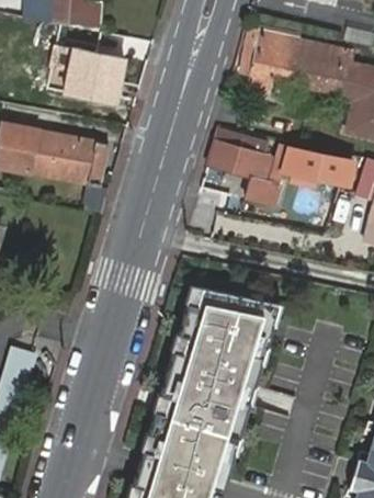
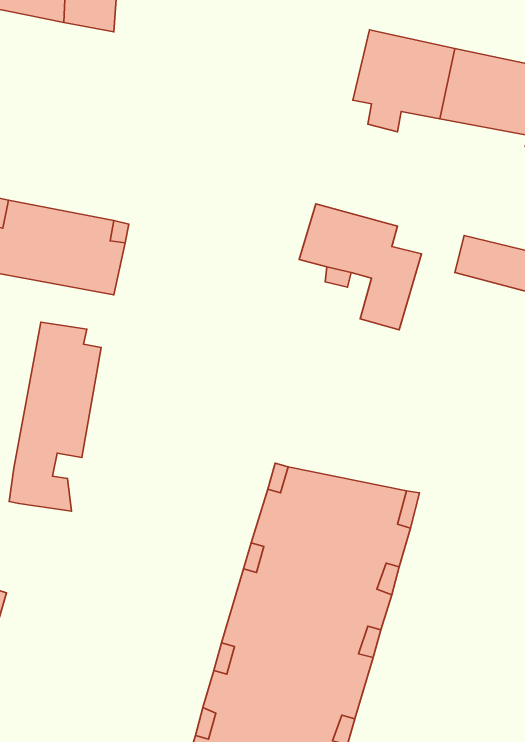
building: [65,48,124,102] -> none
building: none -> [9,322,101,511]

